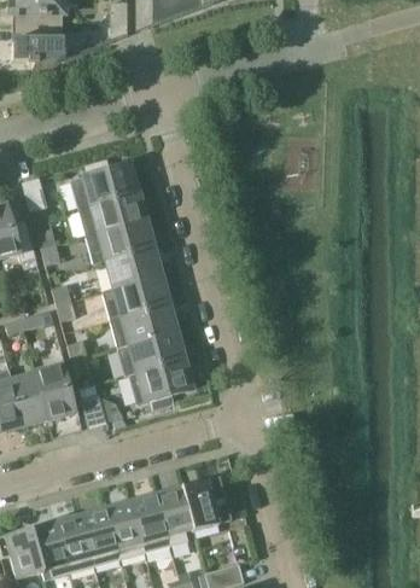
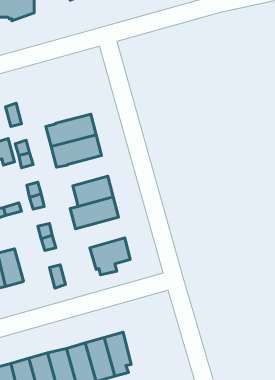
building: [71,159,138,208] -> none
building: [106,248,161,289] -> none
building: [117,331,183,375] -> none
building: [34,365,74,419] -> none
building: [181,478,223,530] -> none

